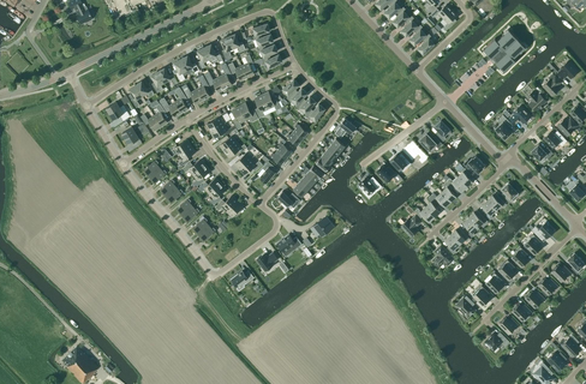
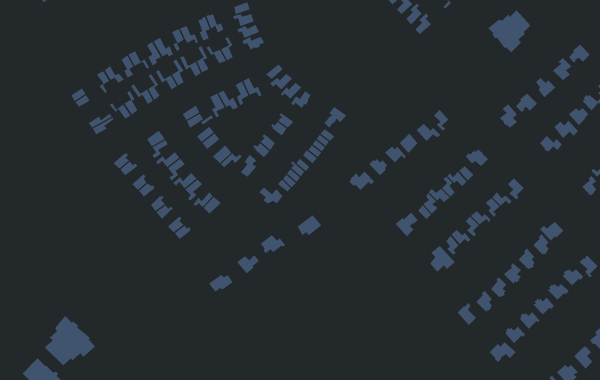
building: none -> [44,315,96,366]

